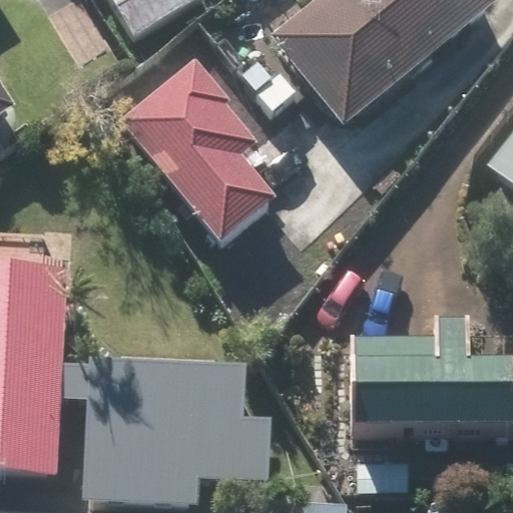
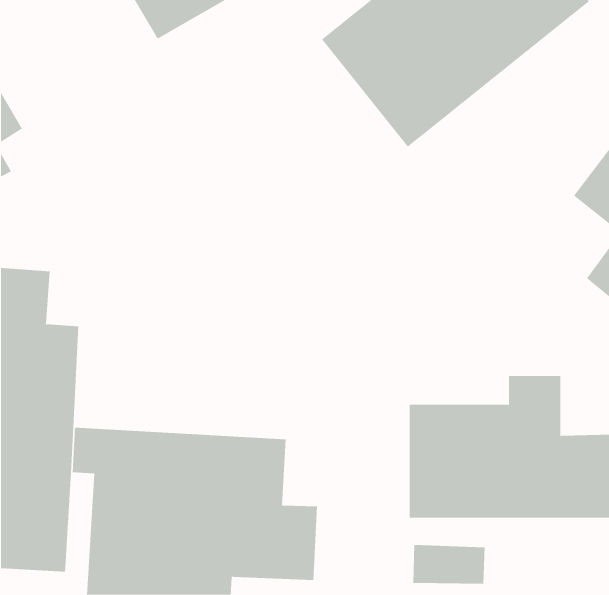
building: [121,56,280,247] -> none

